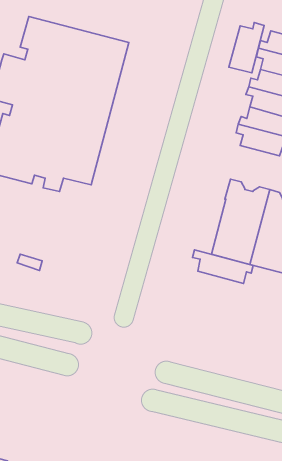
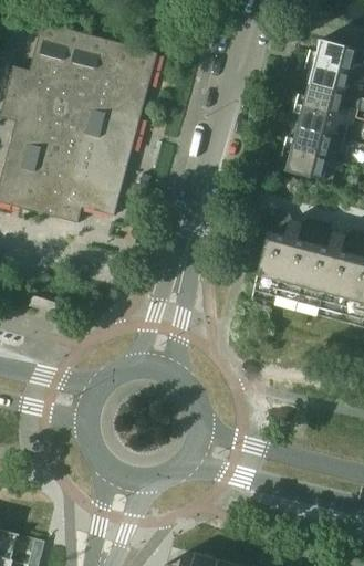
building: [229,23,264,73] -> none
building: [192,250,253,283] -> none

